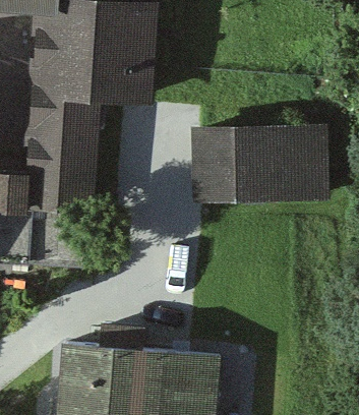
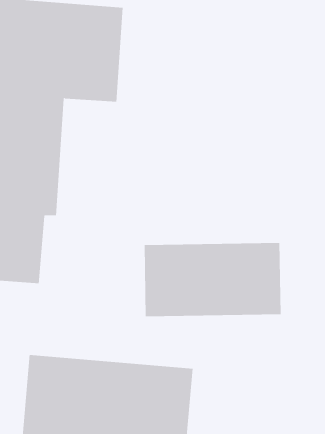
building: [192,131,322,201] -> [144,243,281,317]

